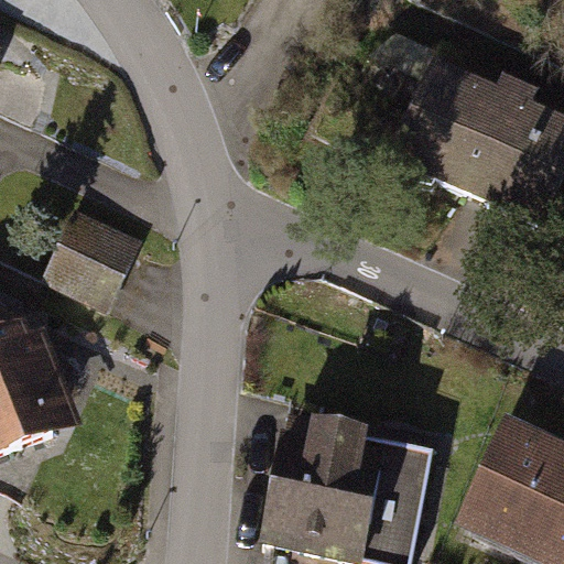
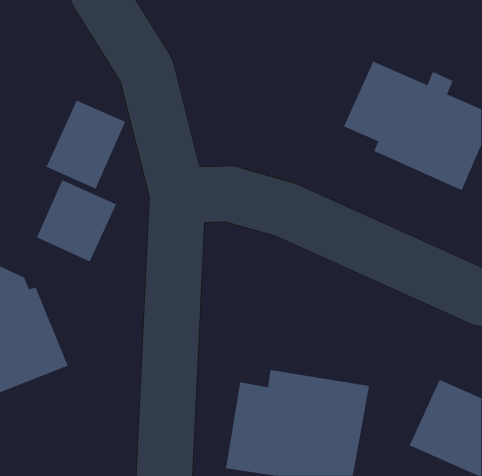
building: none -> [46,100,126,190]

